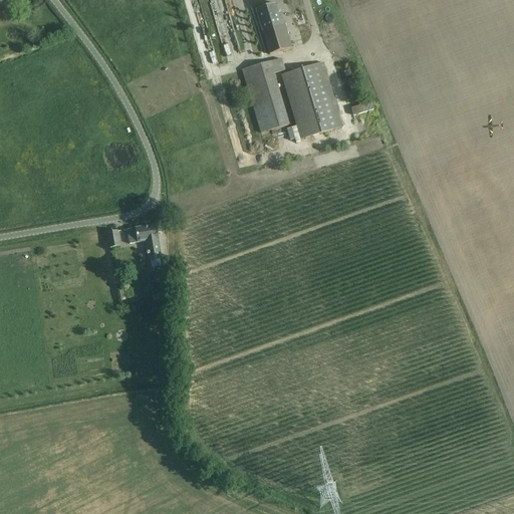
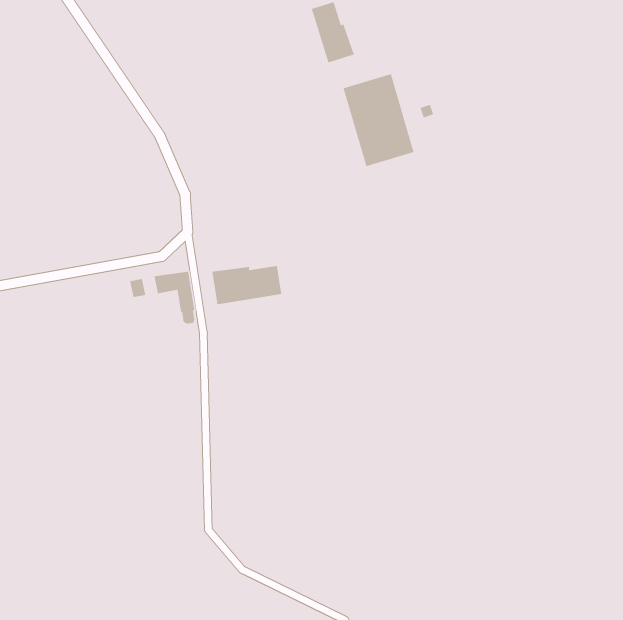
building: [242,56,288,131] -> none
building: none -> [212,265,282,305]

